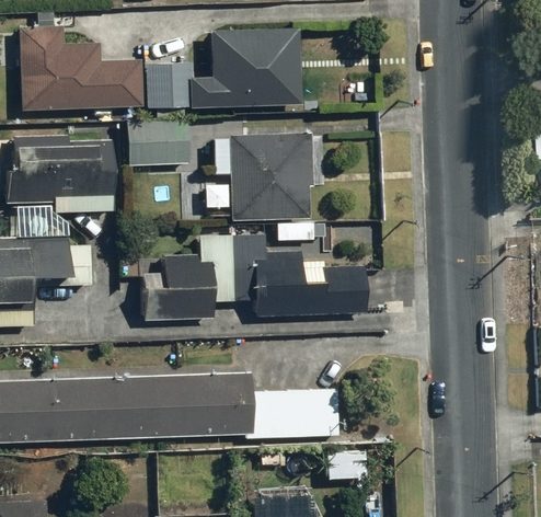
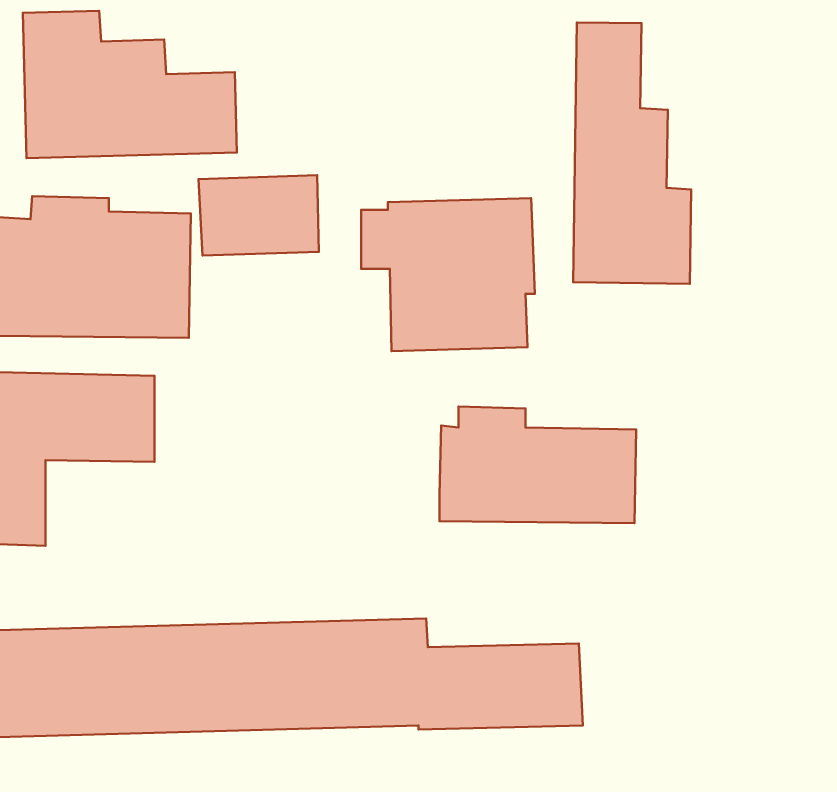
building: [143,30,297,108] -> none
building: none -> [573,22,691,284]
building: [139,231,264,320] -> none

